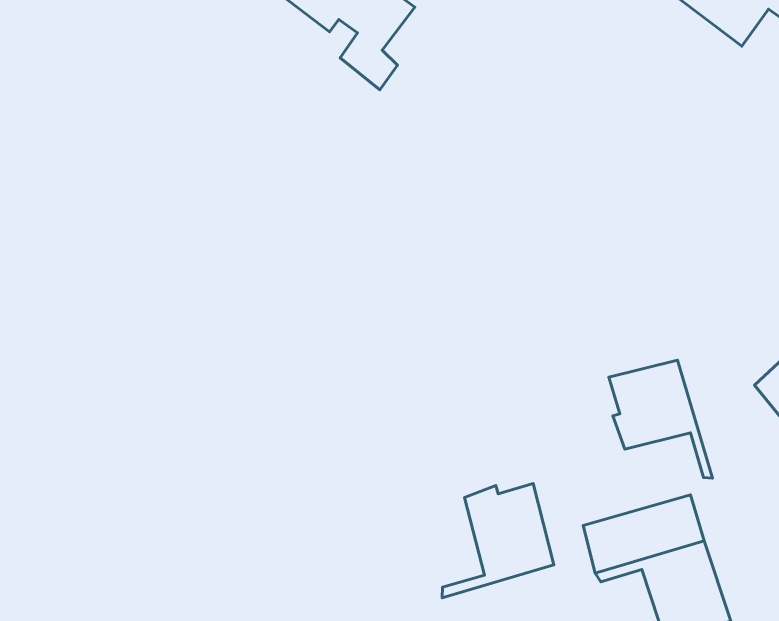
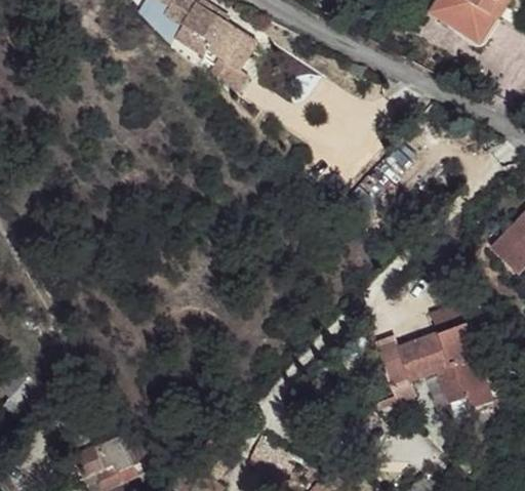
building: [609,360,712,478] -> none
building: [442,483,554,598] -> none

